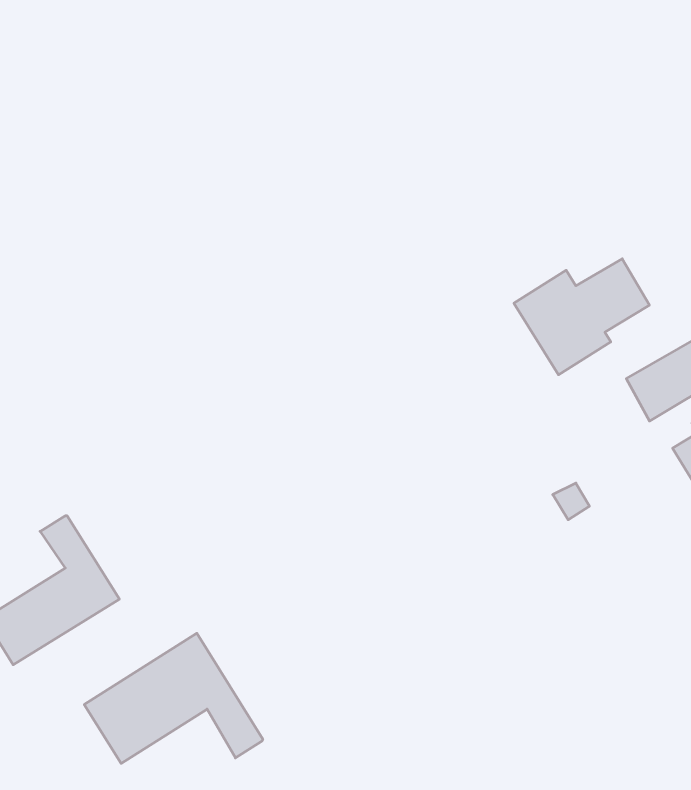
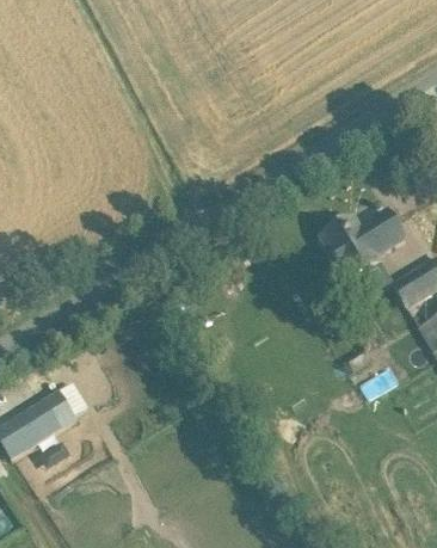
building: [84,633,263,763] -> none

